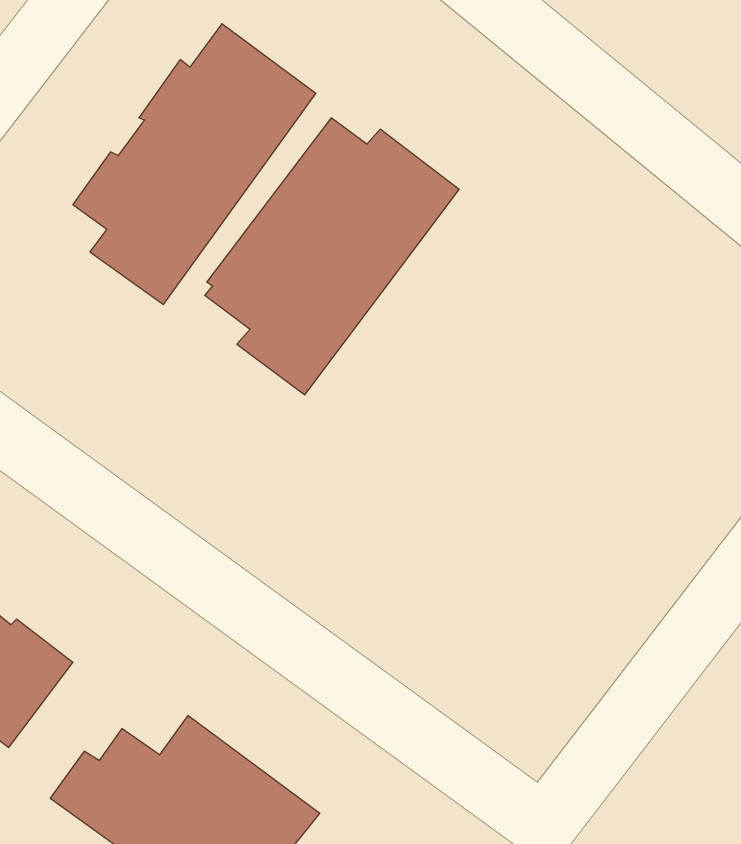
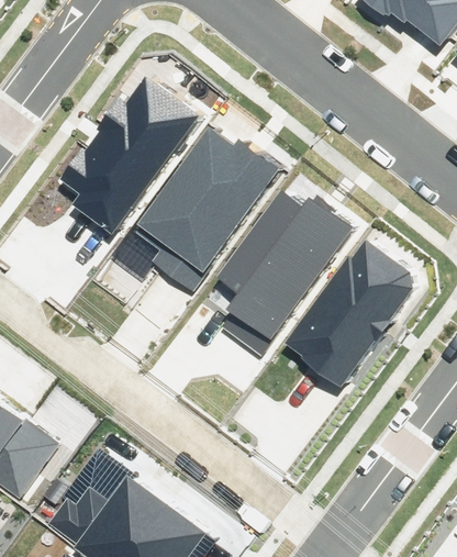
building: none -> [210,186,356,353]
building: none -> [286,242,412,386]

